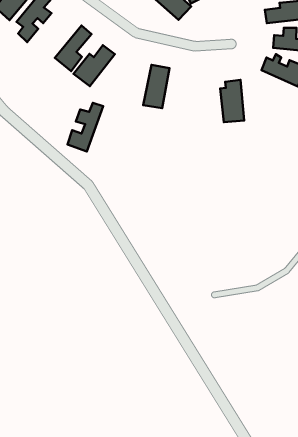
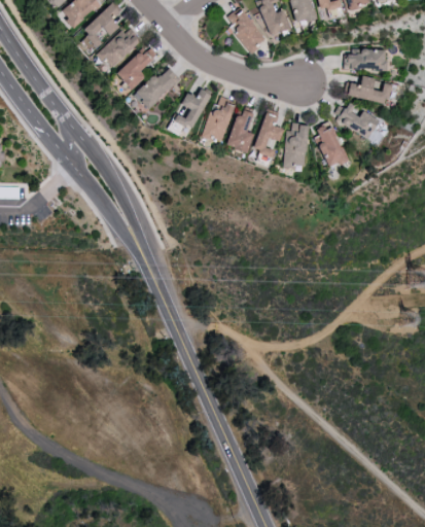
building: none -> [98,27,141,69]
building: none -> [254,112,284,157]
building: none -> [226,109,254,153]
building: none -> [314,122,347,168]
building: [67,103,103,151] -> [169,87,212,138]

